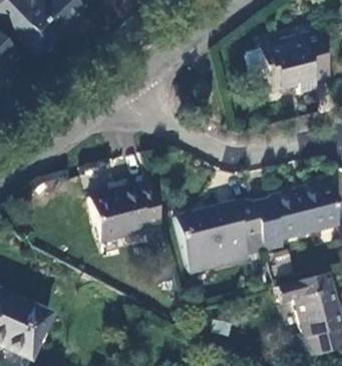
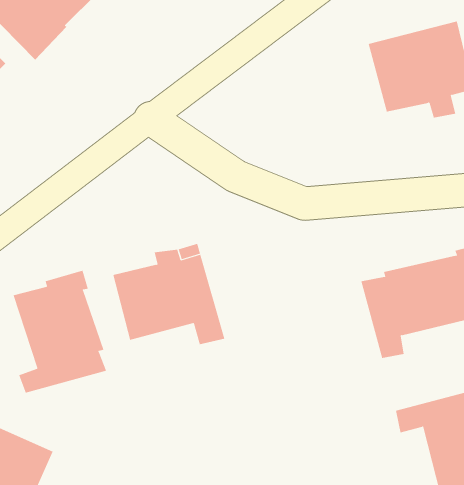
building: none -> [13,270,107,393]
building: [179,200,269,277] -> none

